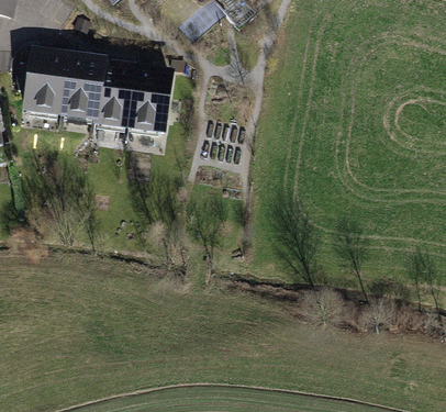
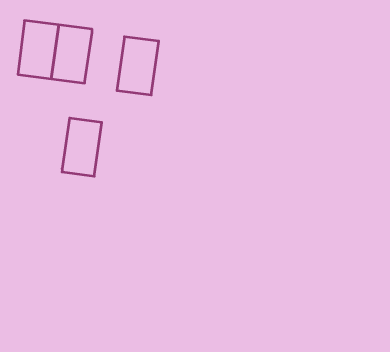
building: [89,64,130,123] -> [62,118,102,176]

